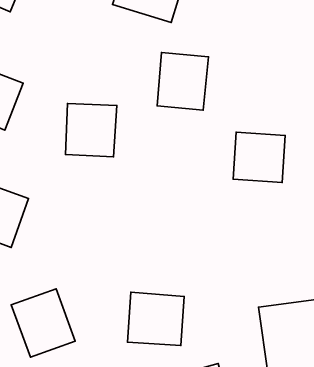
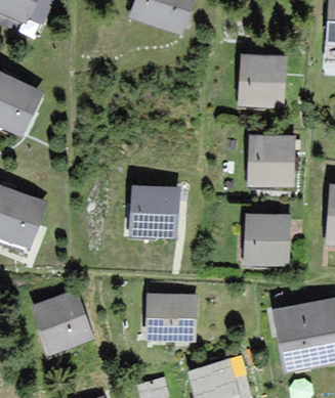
building: [157,53,208,110] -> [237,53,286,108]
building: [65,103,117,157] -> [135,183,184,234]
building: none -> [242,214,290,264]

